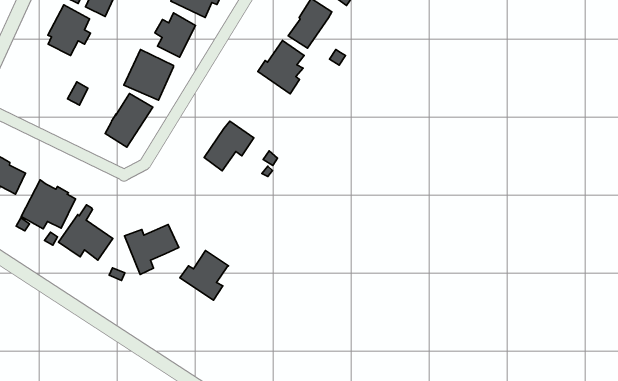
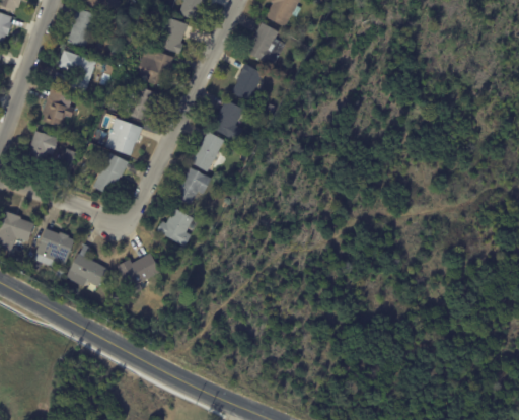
building: none -> [25,131,60,169]
building: none -> [191,132,224,171]
building: [180,251,229,300] -> [156,208,194,247]

